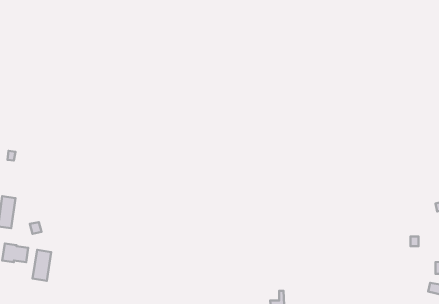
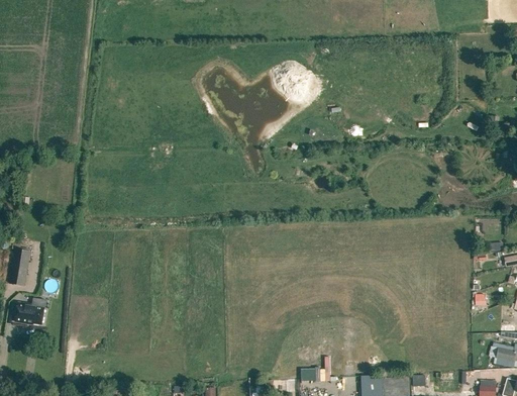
building: [33,250,51,281] -> none

